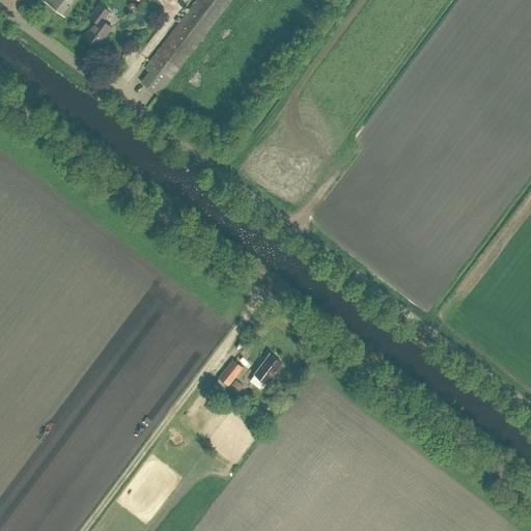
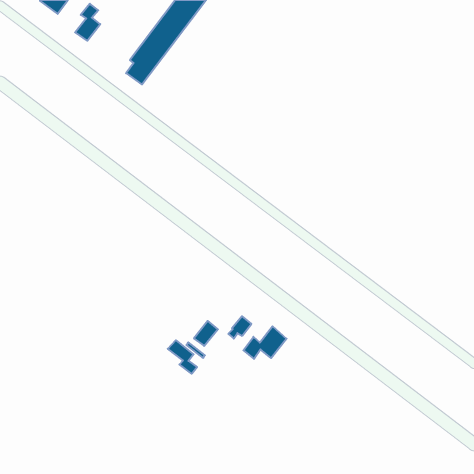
building: none -> [243,326,287,359]
building: none -> [168,340,197,374]

